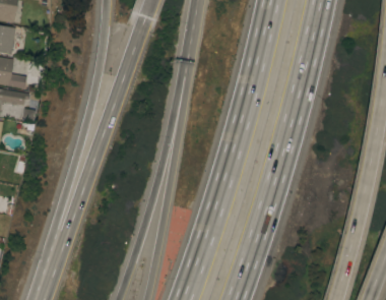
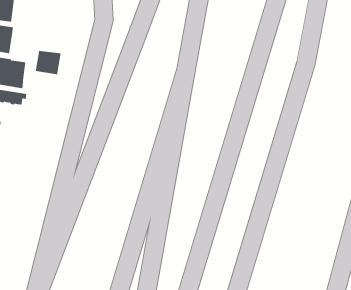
building: none -> [35,50,61,75]

